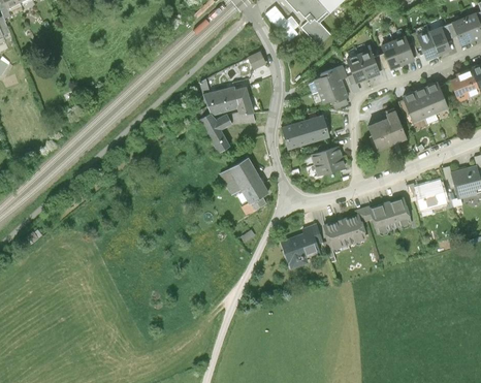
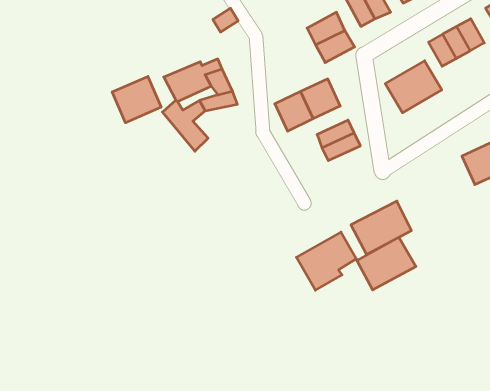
building: none -> [112,76,161,123]
building: [221,158,271,208] -> none
building: [371,196,414,232] -> [357,237,416,290]

